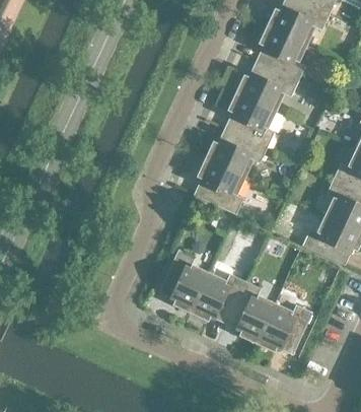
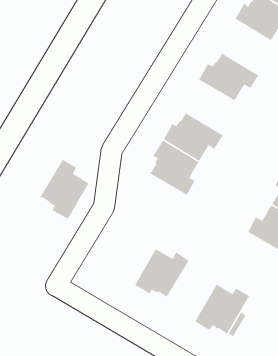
building: [255,25,306,81] -> none
building: [223,92,275,147] -> none
building: [157,250,208,313] -> [39,159,89,220]
building: [224,281,275,344] -> none

